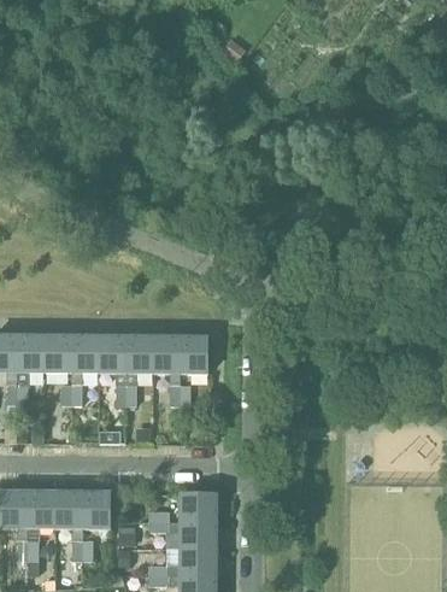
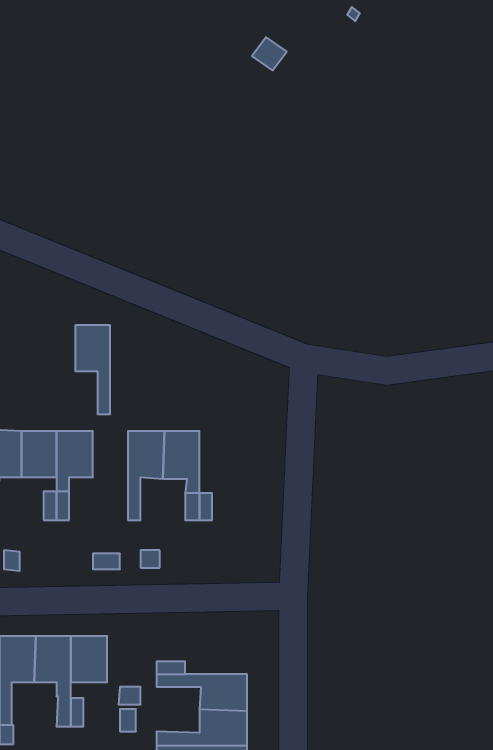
building: [100,335,127,403] -> [75,325,110,414]
building: [181,335,208,371] -> none
building: [182,492,217,520] -> none

